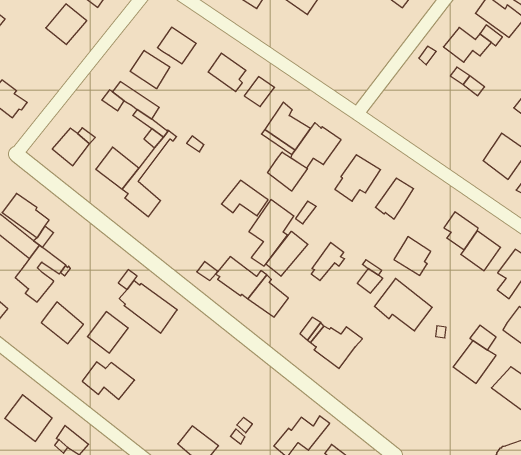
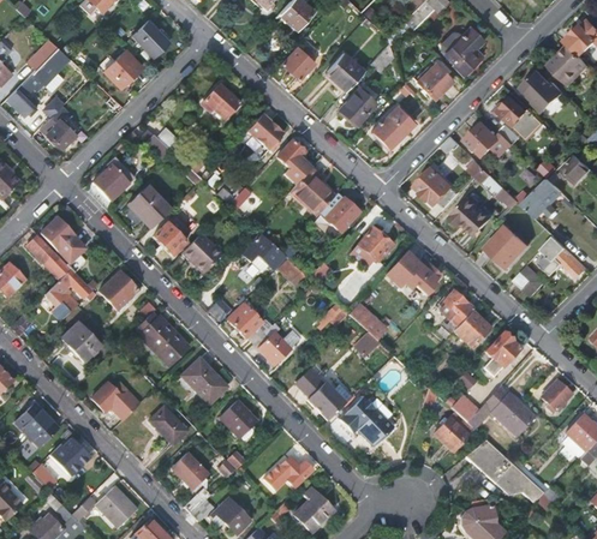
building: none -> [340,88,374,124]
building: none -> [371,104,413,146]
building: [130,50,170,89] -> none
building: none -> [417,168,459,208]
building: none -> [453,198,492,235]
building: [268,152,307,191] -> none
building: none -> [183,232,225,274]
building: [266,231,308,276] -> none
building: [394,237,431,275] -> [408,259,443,297]
building: [374,278,432,331] -> [340,396,393,447]
building: [87,312,128,353] -> [100,270,138,309]
building: none -> [181,357,228,403]
building: none -> [220,400,257,437]
building: none -> [150,406,189,445]

